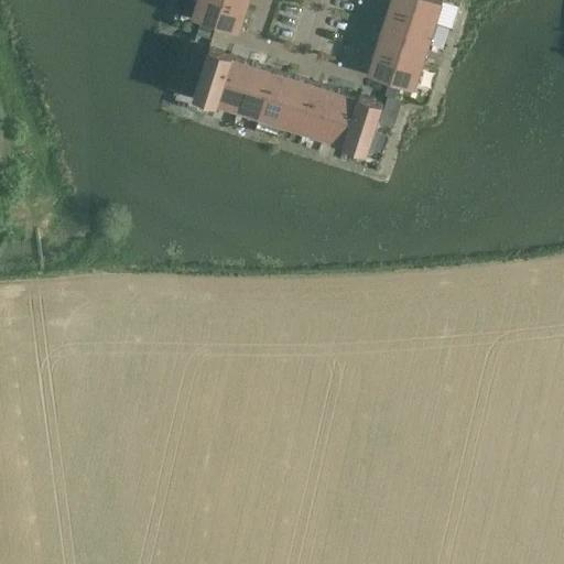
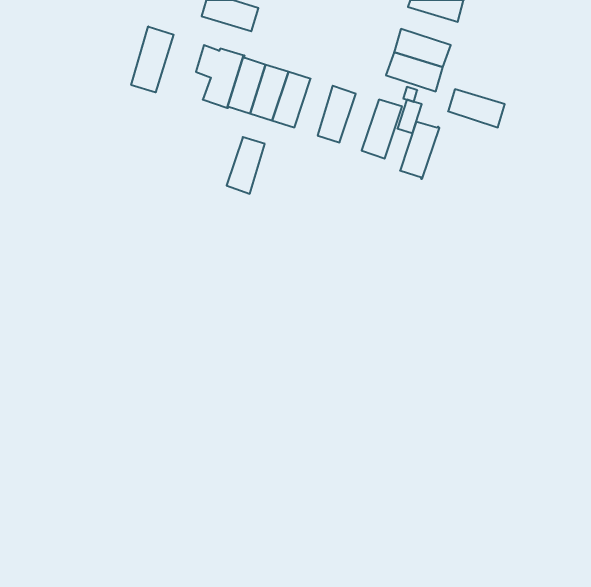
building: [381,11,435,47] -> [448,89,505,127]
building: none -> [131,26,174,92]
building: [280,79,316,133] -> [227,137,265,194]
building: [323,94,360,148] -> [400,122,439,179]

